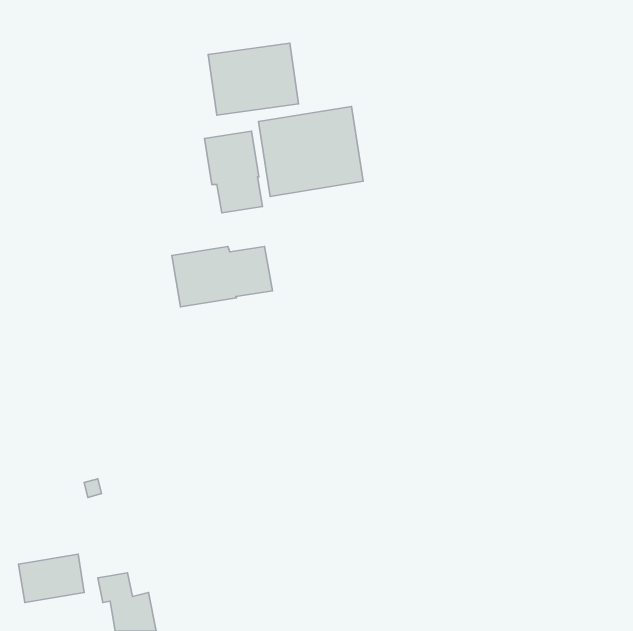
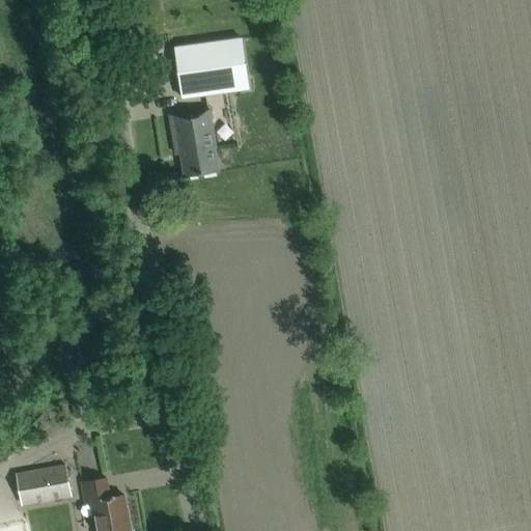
building: [259,107,363,196] -> none
building: [172,246,272,307] -> none

